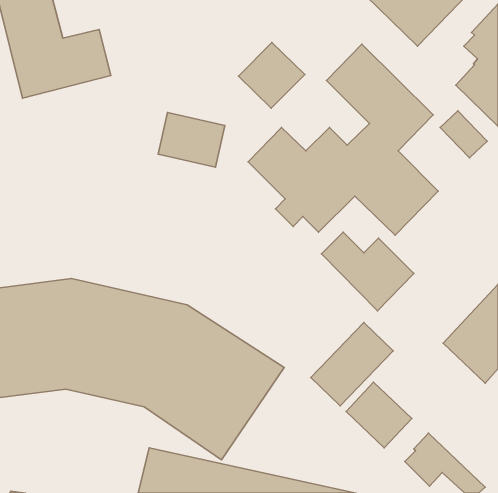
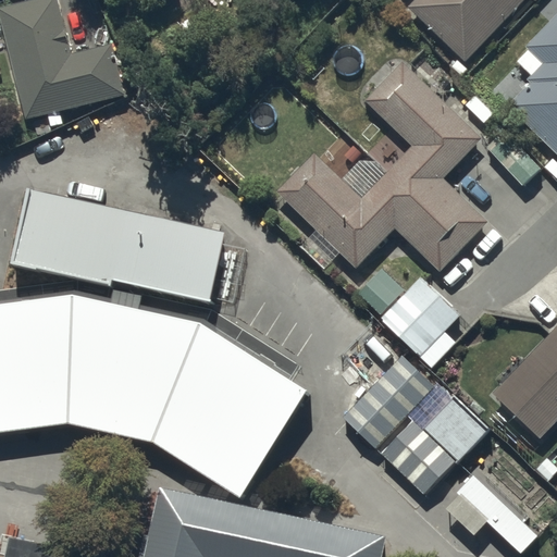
building: [238,42,305,108] -> none
building: [158,113,225,167] -> none
building: none -> [16,197,232,313]
building: none -> [425,400,493,468]

